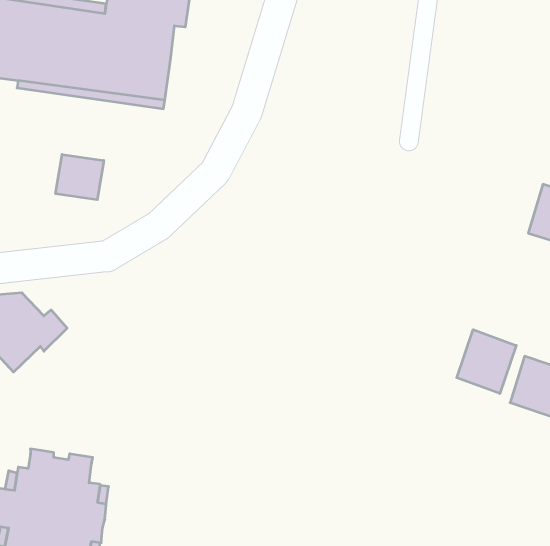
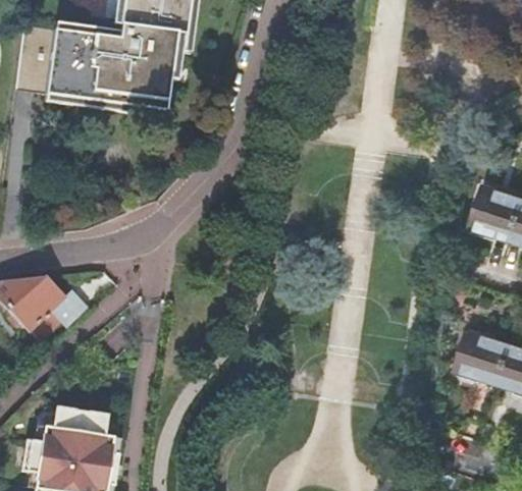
building: [56,154,104,200] -> none
building: [457,330,516,394] -> none

